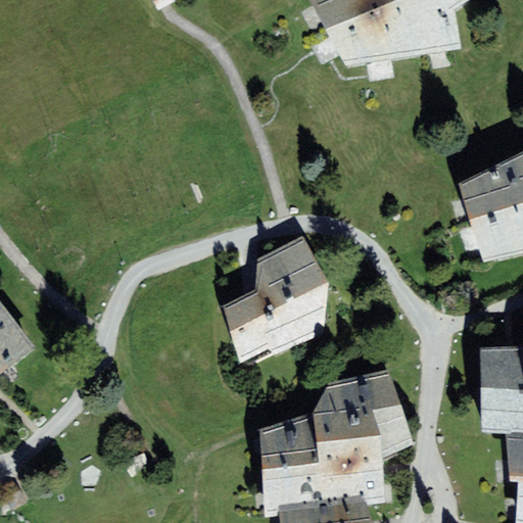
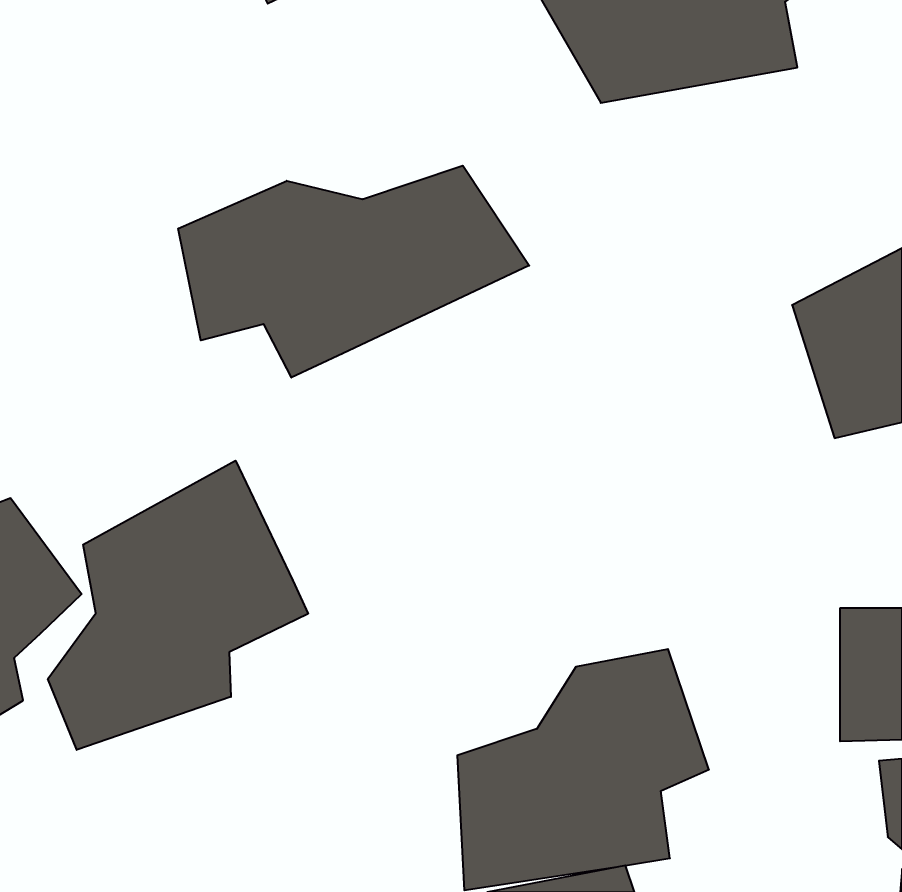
building: none -> [178,166,529,378]
building: [225,236,325,359] -> none
building: none -> [48,461,308,750]

